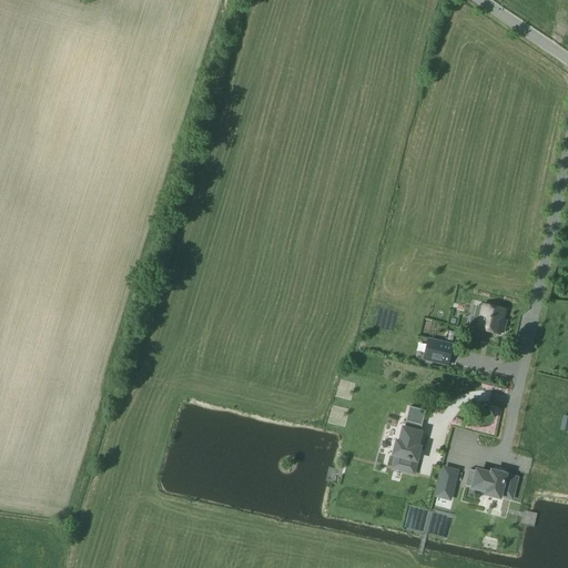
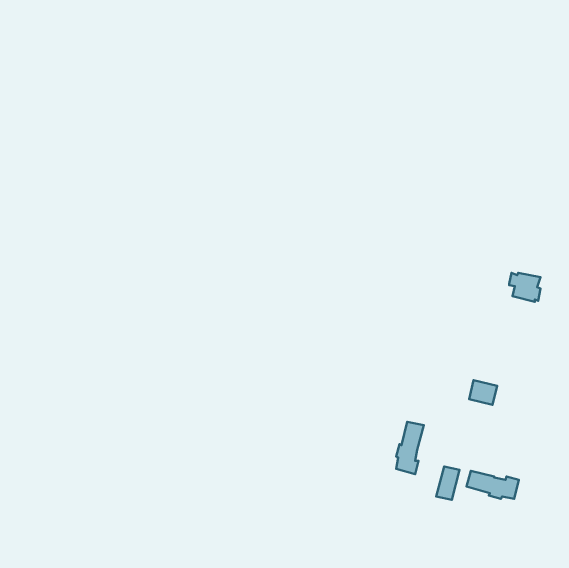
building: [475,304,506,333] -> [509,273,540,302]
building: [425,338,453,363] -> [469,380,497,405]

